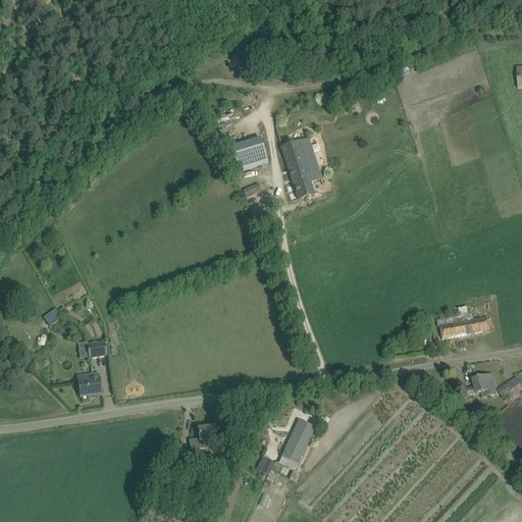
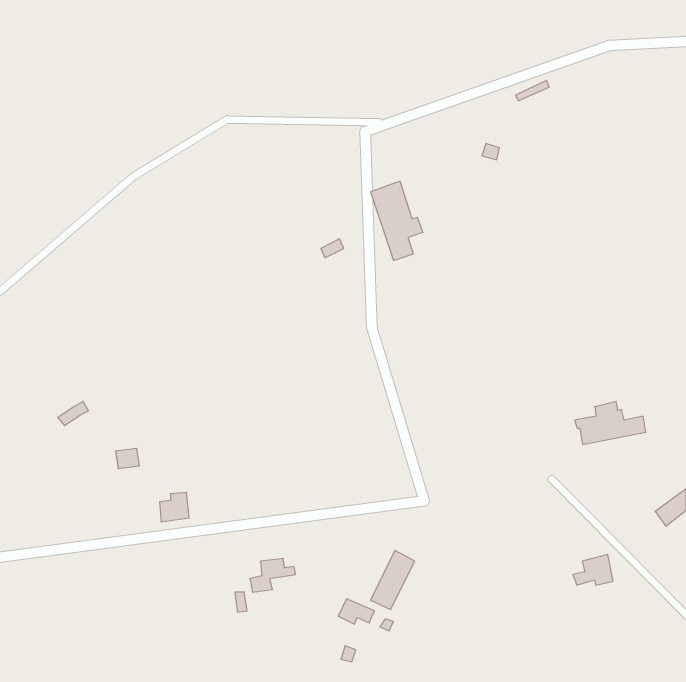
building: [228,136,267,170] -> none
building: [79,372,101,395] -> [160,492,189,522]
building: [466,372,497,396] -> [573,554,613,585]

